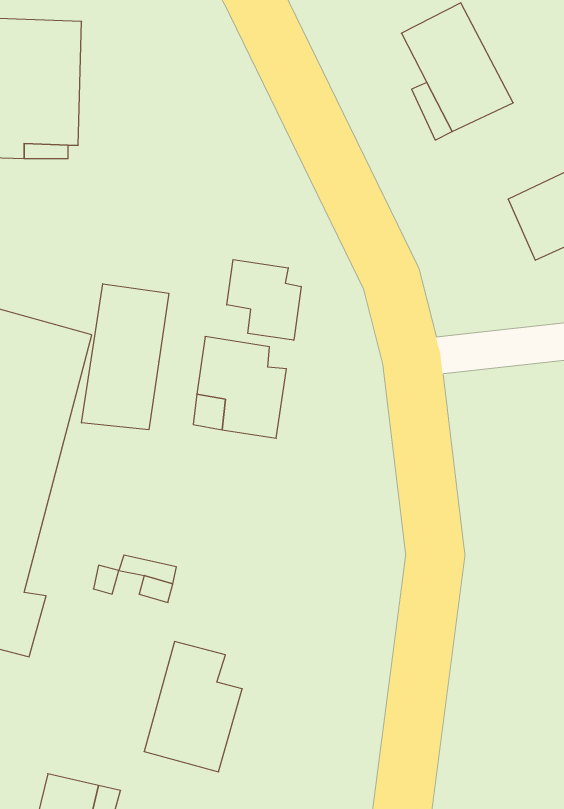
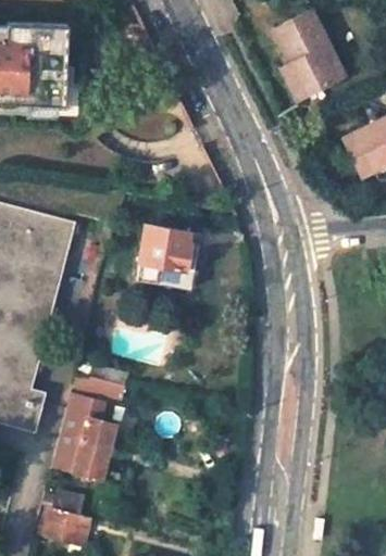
building: [227,260,301,340] -> none
building: [82,284,169,430] -> none
building: [144,641,242,772] -> [54,394,117,478]

